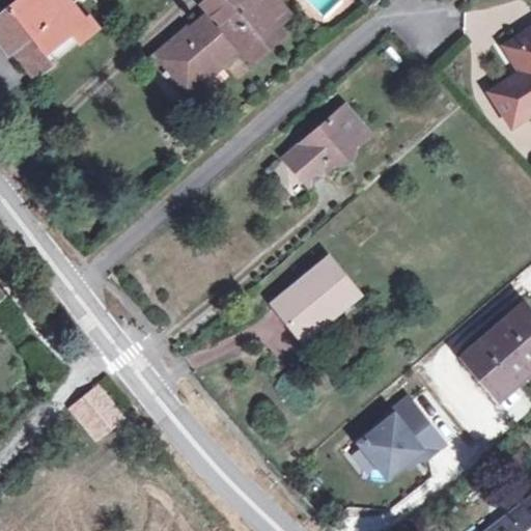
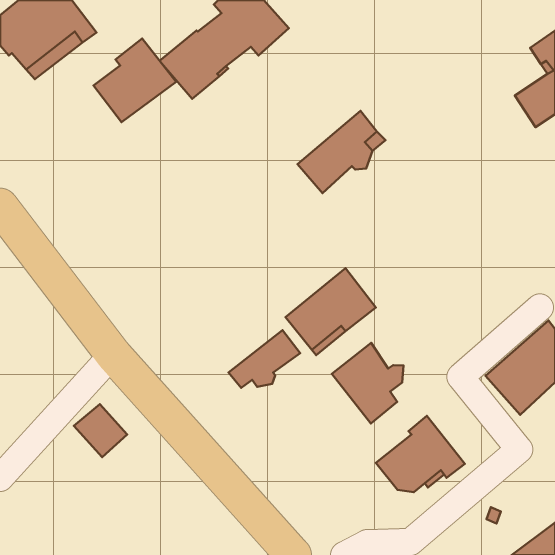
building: none -> [93,39,176,122]
building: none -> [228,330,300,388]
building: none -> [332,343,404,423]

